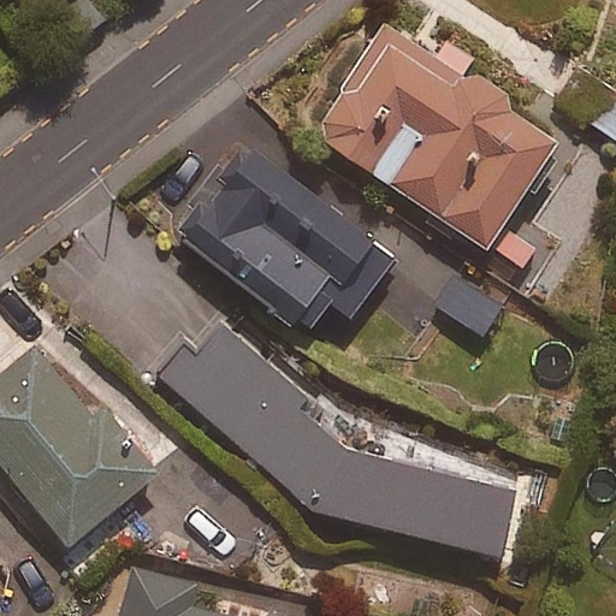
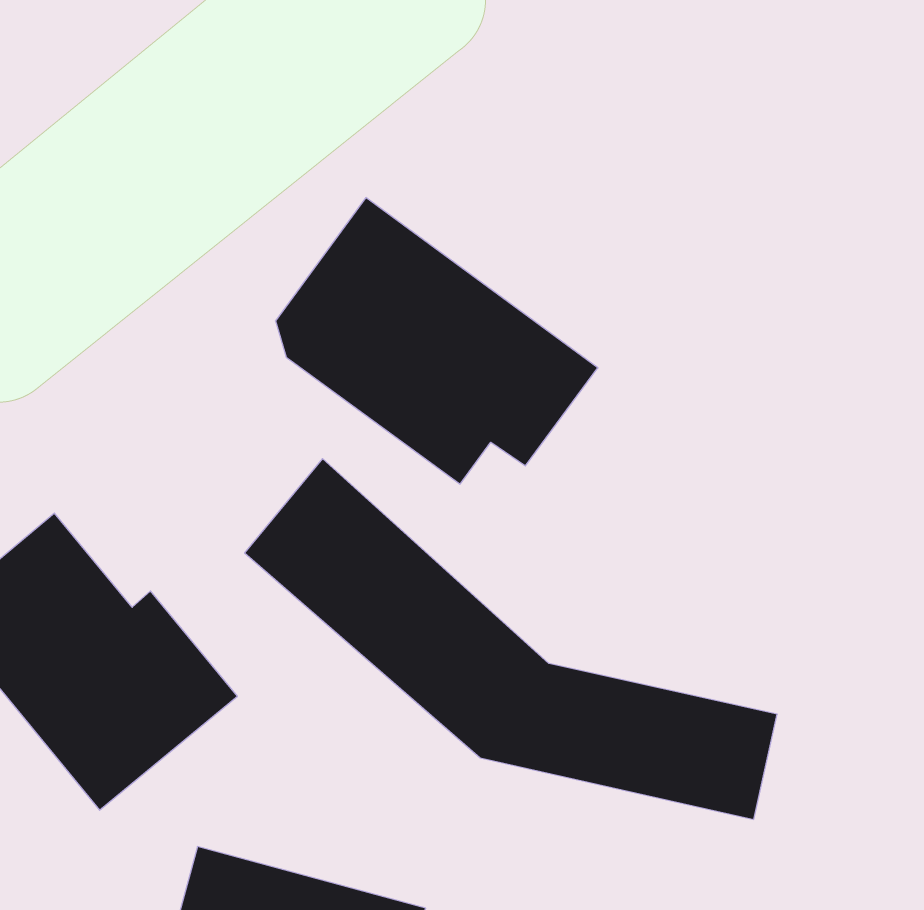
building: [313,28,558,274] -> none

